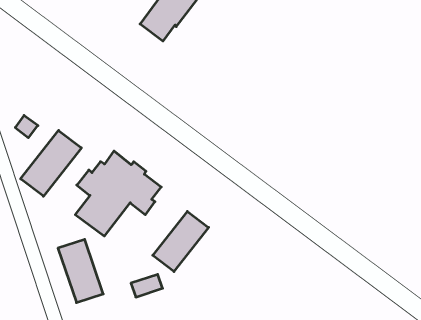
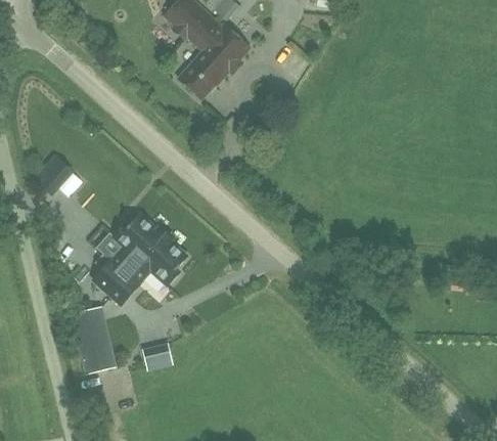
building: [21,130,81,196] -> none
building: [153,211,209,272] -> none

